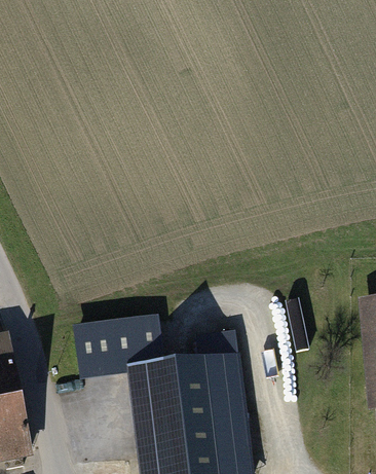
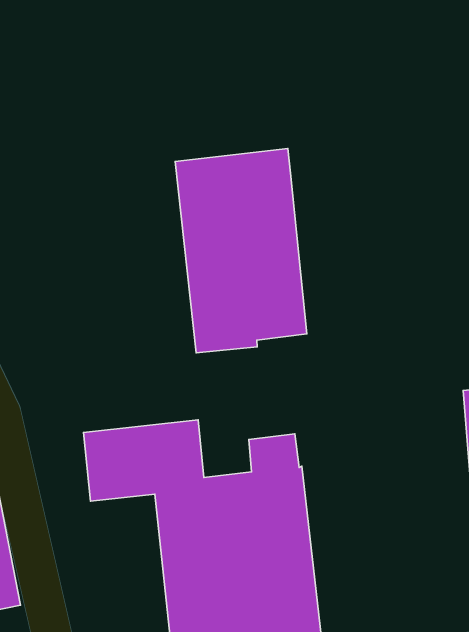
building: none -> [175,149,307,353]

